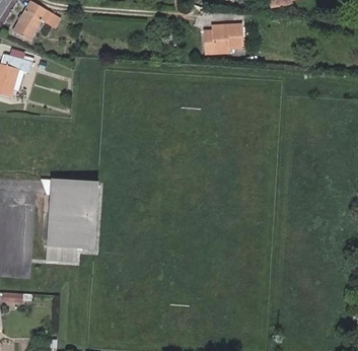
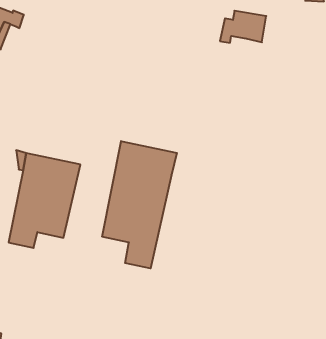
building: none -> [102,141,177,268]

